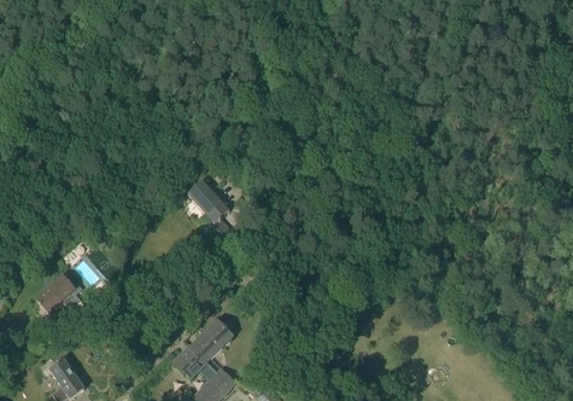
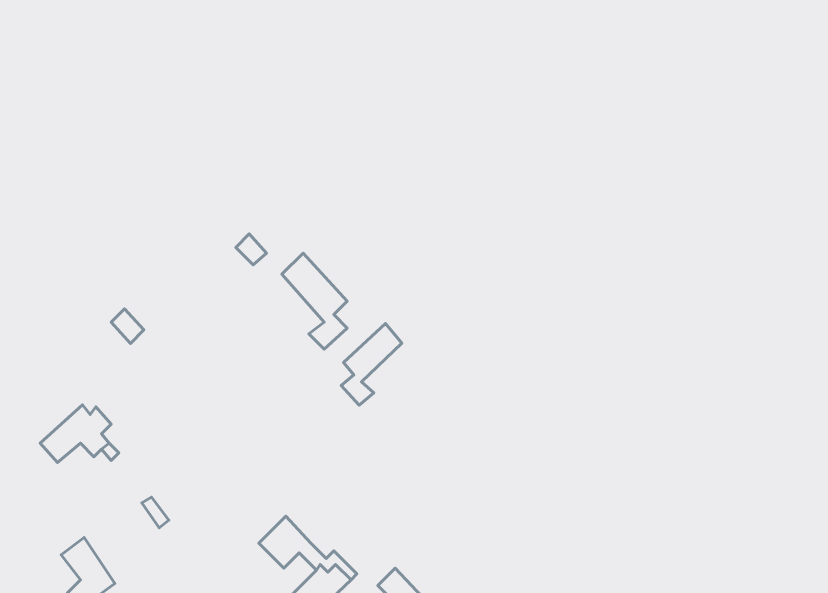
building: none -> [341,324,402,405]
building: [191,319,233,362] -> none

